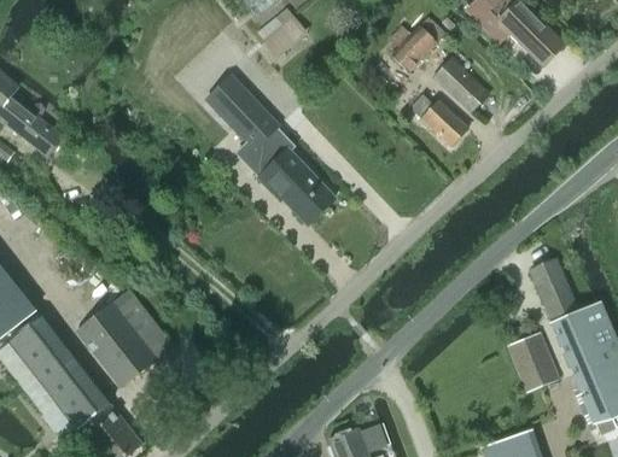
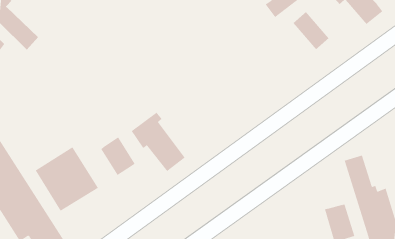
building: [205,76,276,150] -> none
building: [410,92,467,143] -> none
building: [249,135,333,222] -> [131,112,186,172]
building: none -> [101,137,135,176]

